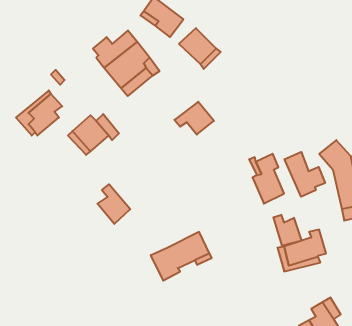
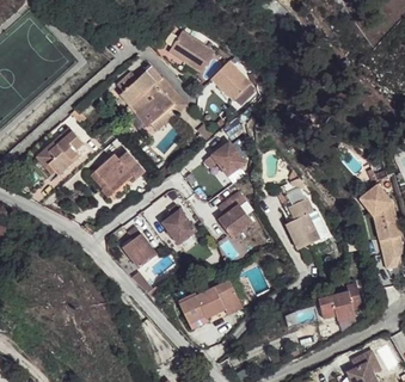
building: none -> [219,191,252,236]
building: [285,152,325,197] -> none
building: none -> [161,204,196,244]
building: [273,215,301,246] -> none

